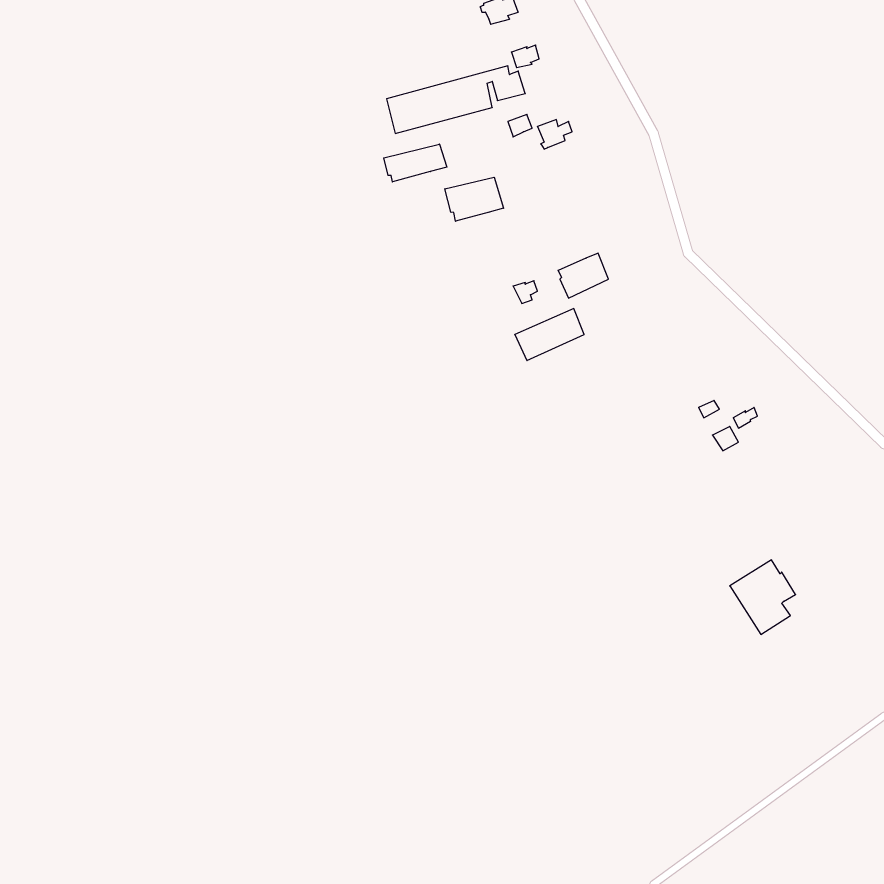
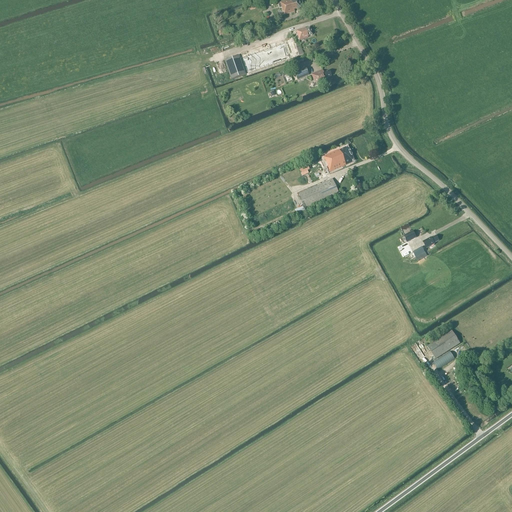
building: [384,144,447,182] -> none
building: [445,177,504,221] -> none

